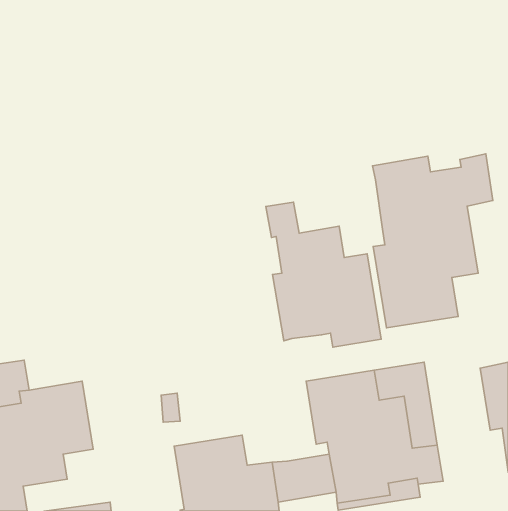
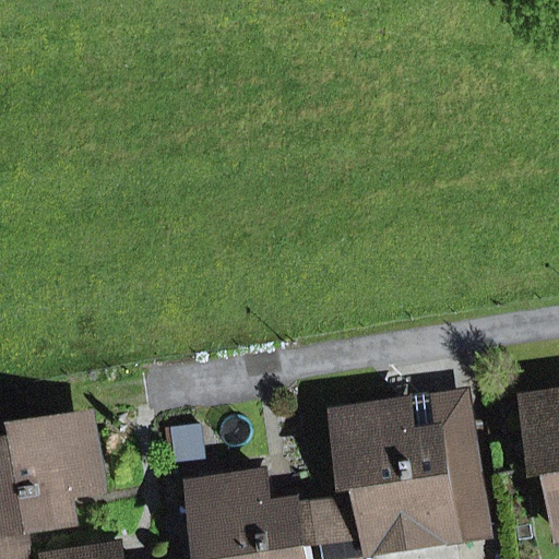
building: [372,154,493,328] -> none
building: [266,202,381,347] -> none

